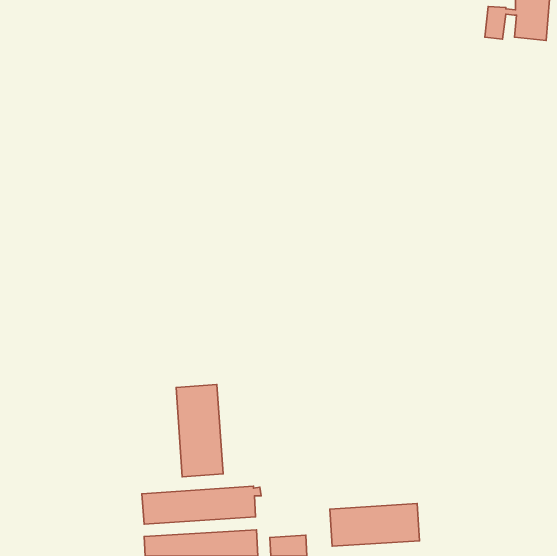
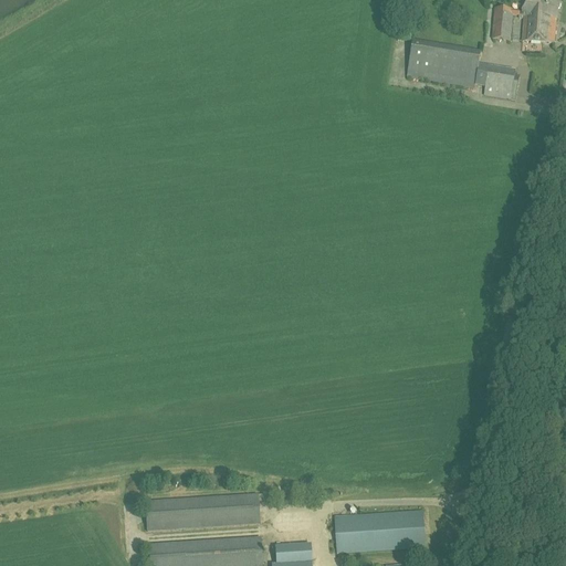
building: none -> [406,39,518,99]
building: [176,384,223,477] -> none

